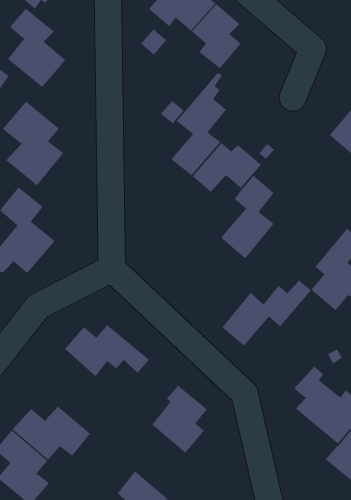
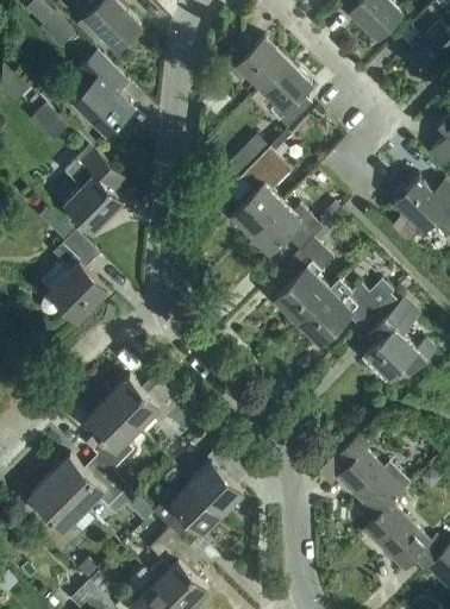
building: [222,280,312,347] -> [299,281,393,344]
building: none -> [86,398,138,471]
building: none -> [154,482,223,539]

